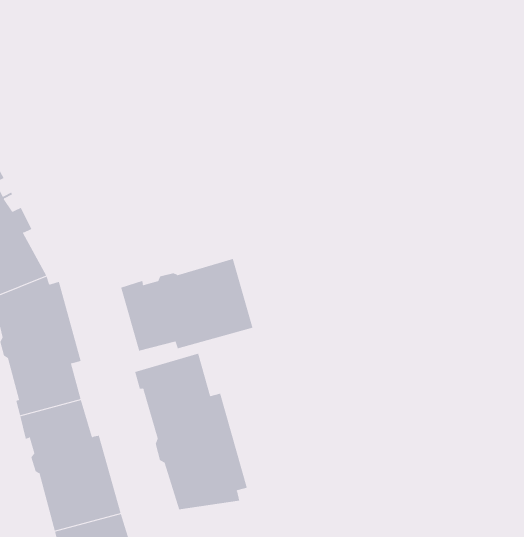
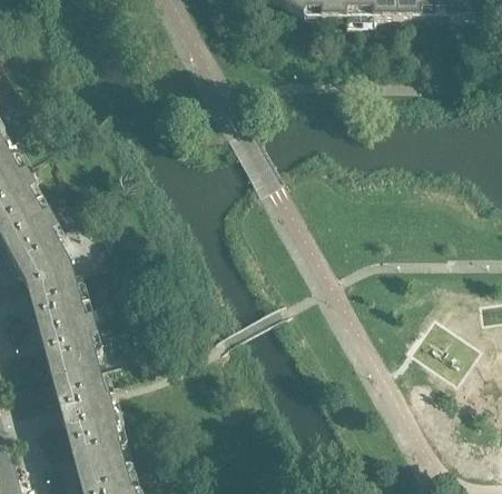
building: [120,258,253,352] -> none
building: [135,353,247,510] -> none

